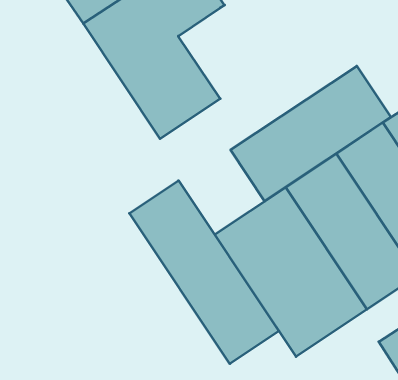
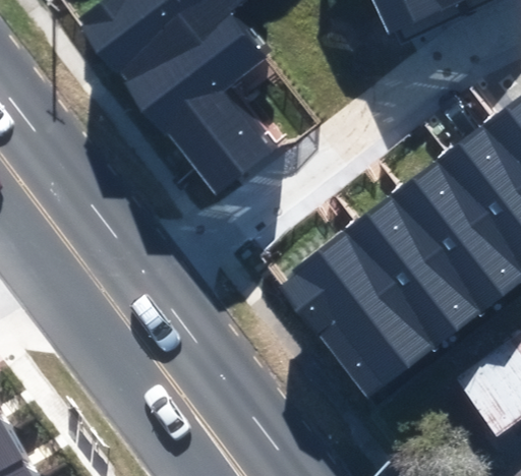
building: [231,66,391,201] -> none
building: [129,181,279,364] -> none

